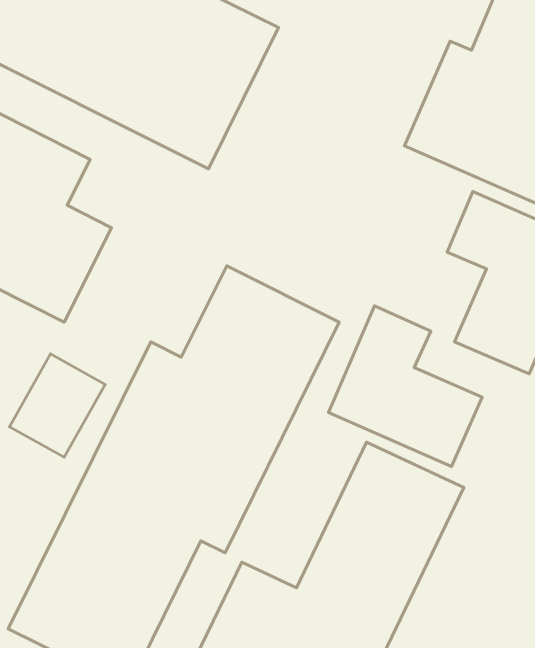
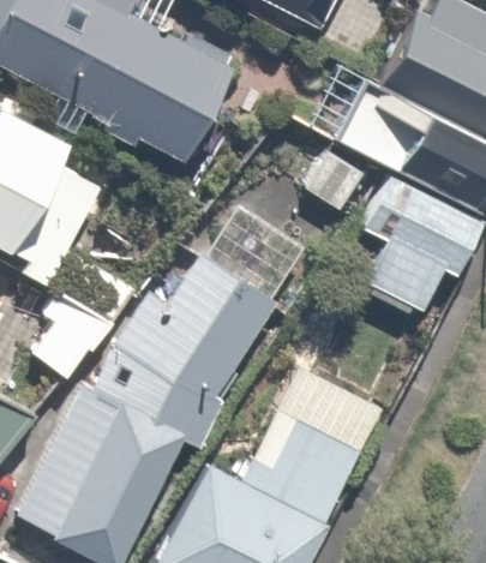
building: [328,306,482,466] -> none

